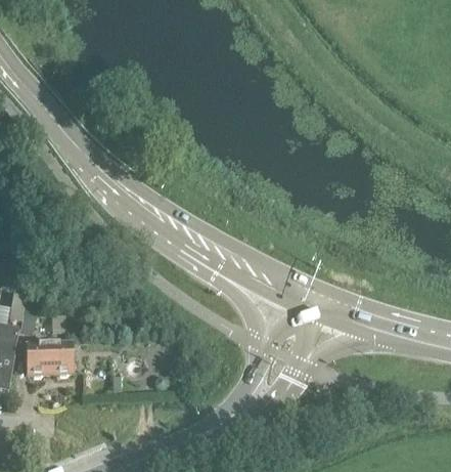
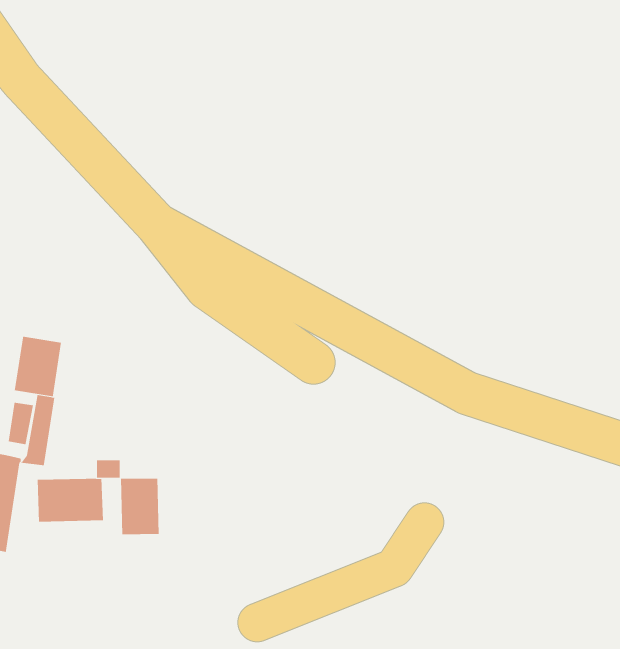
building: none -> [14,336,62,397]
building: none -> [120,478,159,535]

